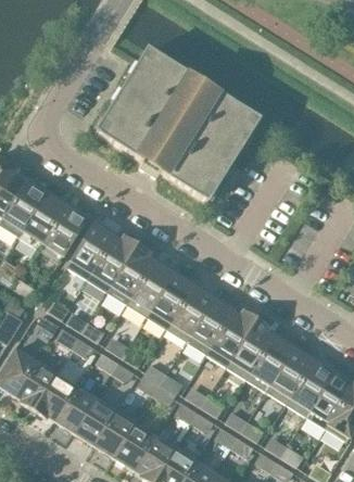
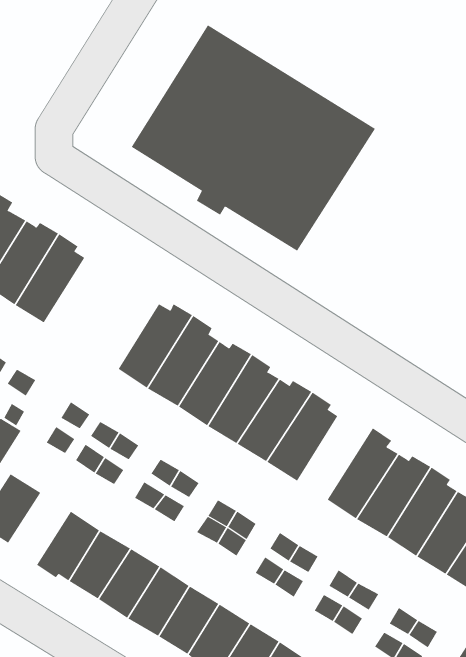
building: [37,205,87,262] -> none
building: [65,219,113,279] -> none
building: [205,310,255,366] -> none
building: [13,362,54,409] -> none

